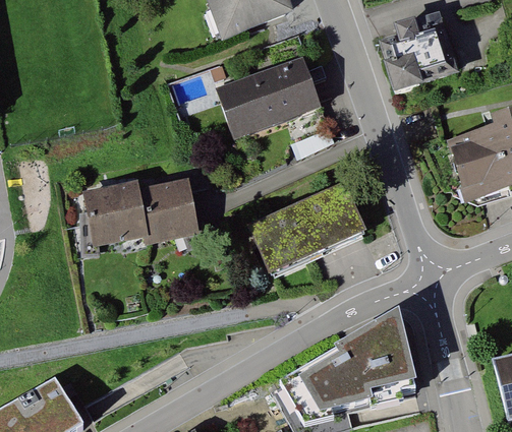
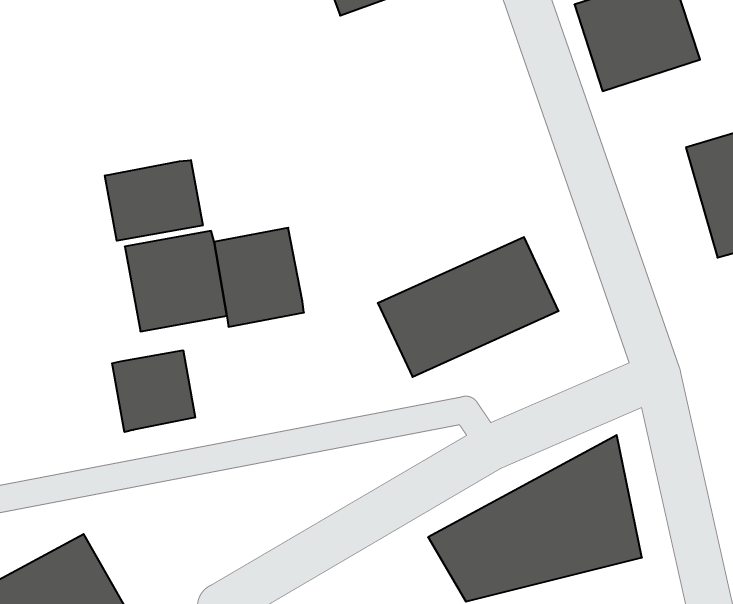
building: [216,53,322,139] -> none
building: none -> [105,160,203,241]
building: none -> [112,350,195,432]

